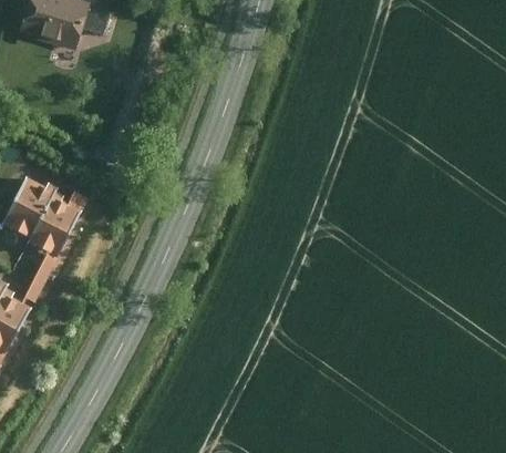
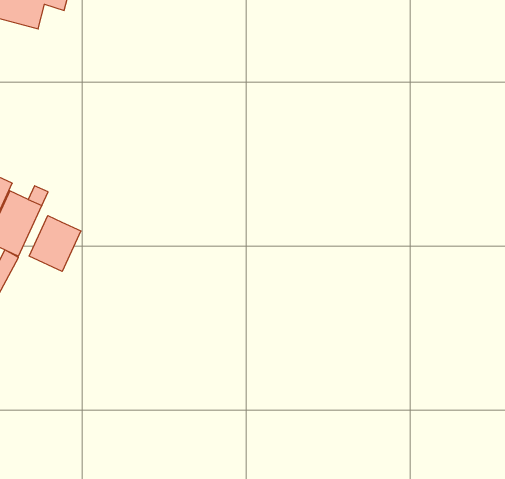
building: none -> [29,216,81,271]

